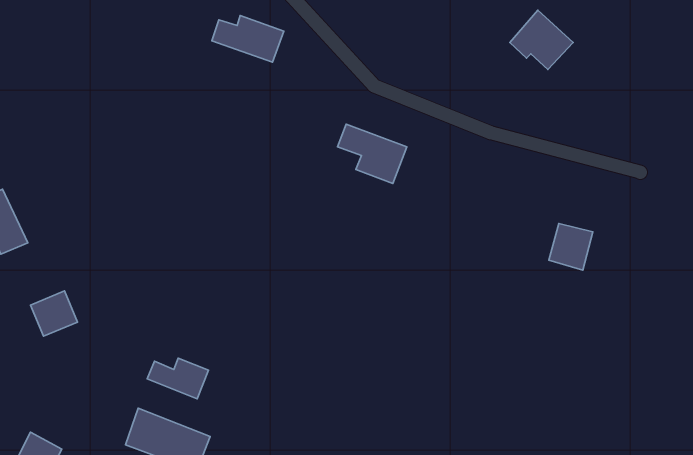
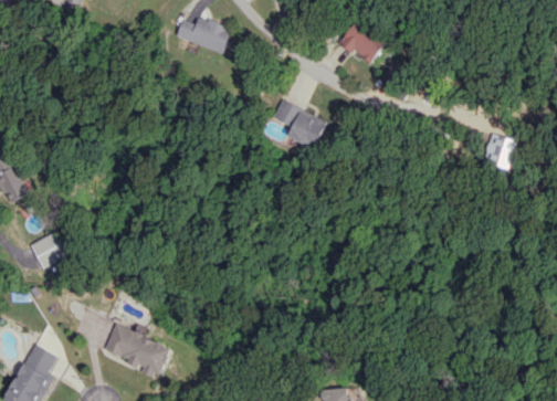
building: [510,10,573,69] -> [338,17,388,63]
building: [549,223,593,270] -> [483,134,517,170]
building: [147,358,209,399] -> none

